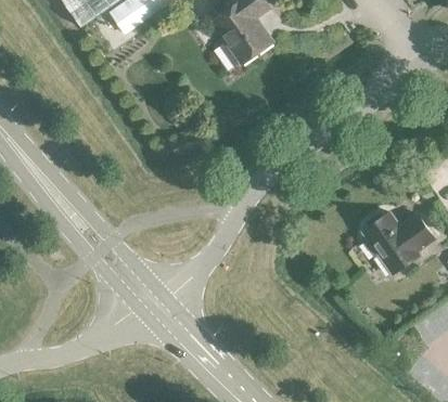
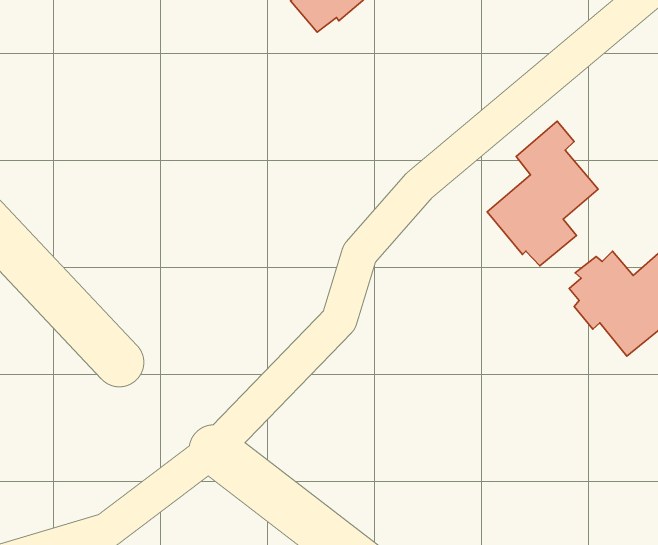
building: none -> [487,121,598,266]

